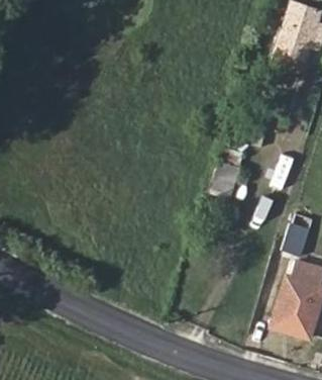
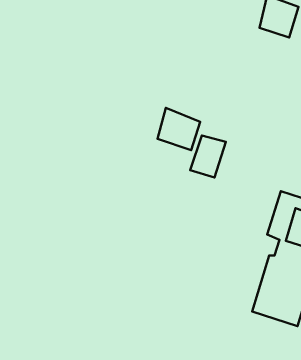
building: none -> [158,108,200,150]

